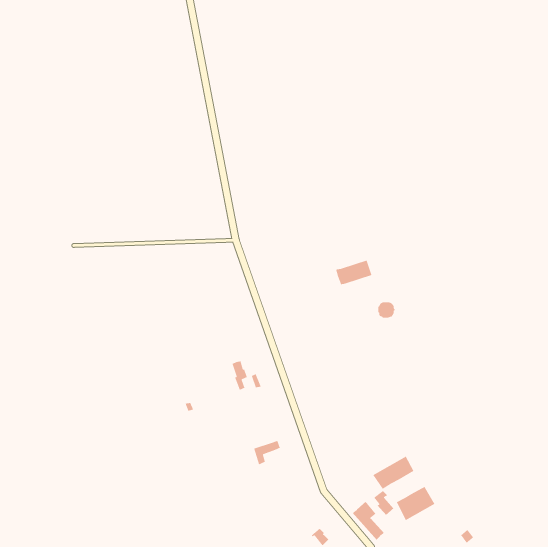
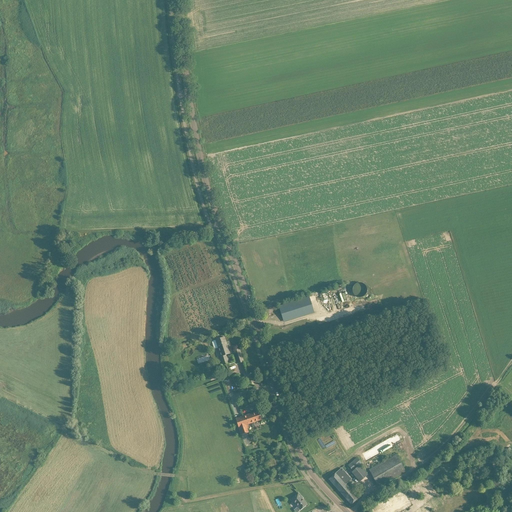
building: [335,259,373,285] -> [279,296,314,320]
building: [372,456,415,490] -> none

